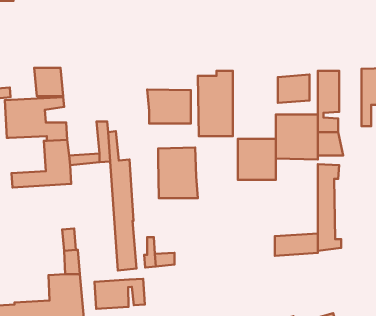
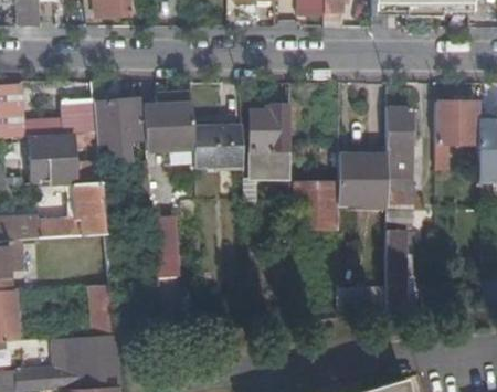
building: none -> [94,96,141,161]
building: [278,75,309,103] -> none
building: [158,147,198,198] -> [149,93,194,150]
building: [94,279,145,309] -> none

